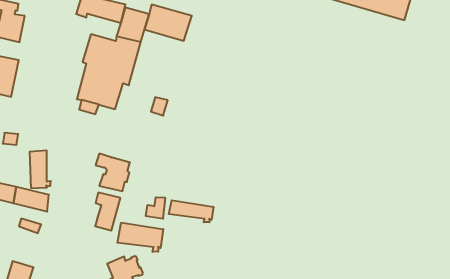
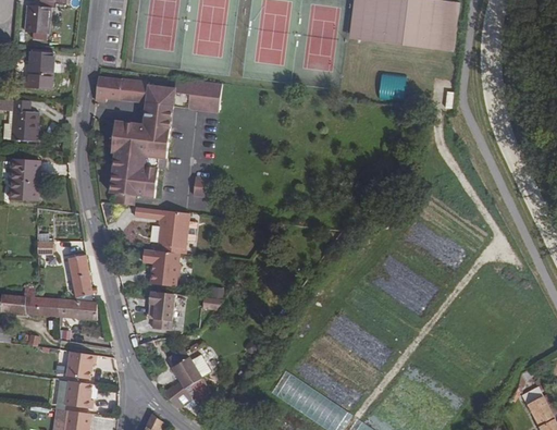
building: none -> [134,206,189,248]
building: [169,200,213,222] -> none
building: [117,223,163,252] -> none
building: none -> [66,351,96,379]

